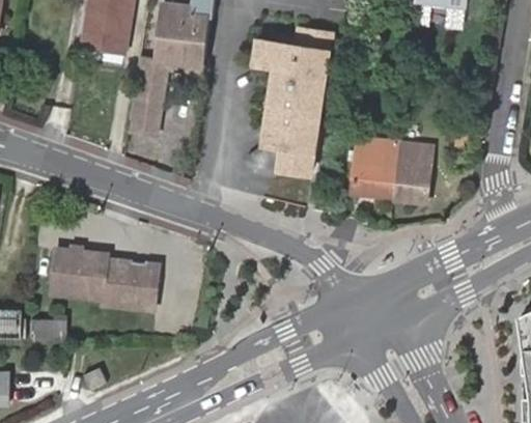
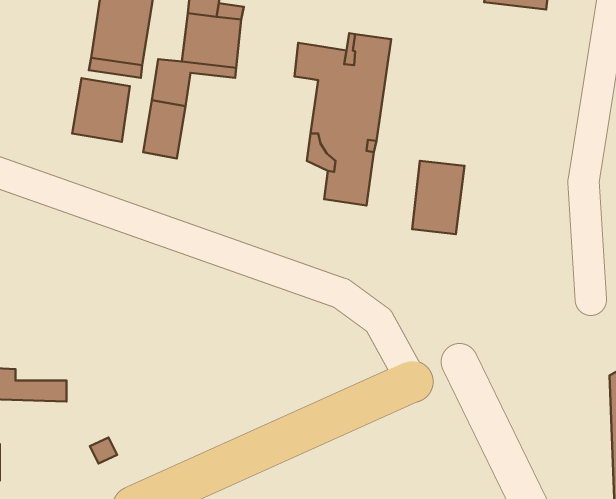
building: none -> [72,78,130,142]
building: [388,140,431,201] -> none
building: [50,247,158,307] -> none

